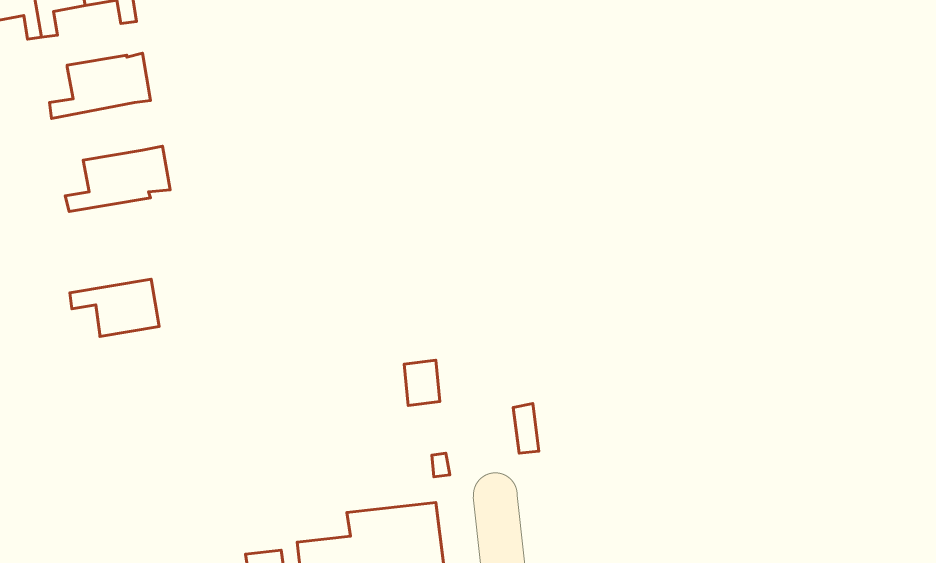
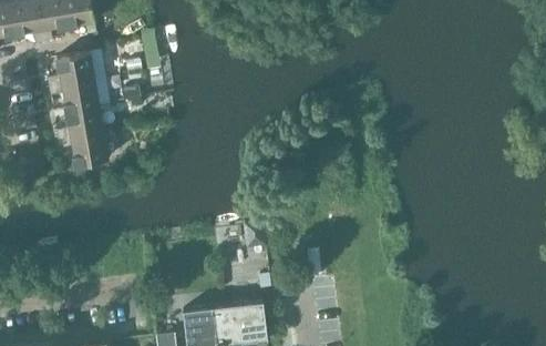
building: none -> [48,81,99,113]
building: [70,279,159,337] -> [58,134,107,166]

